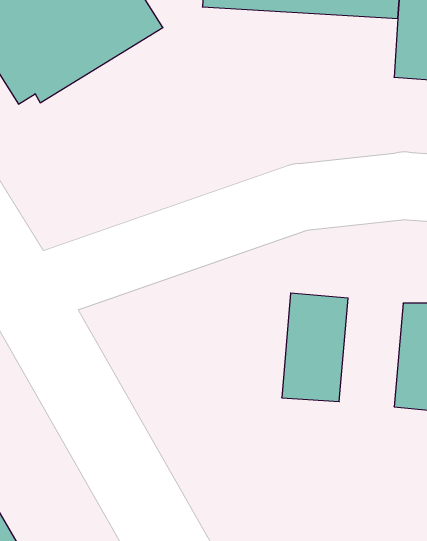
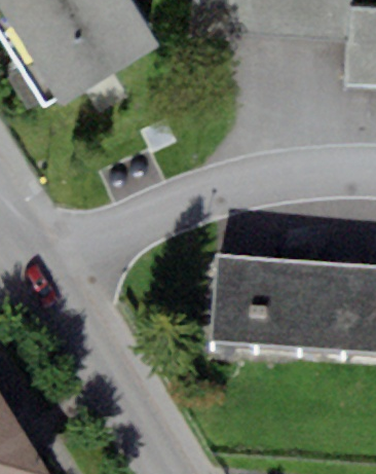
building: none -> [212,255,261,342]
building: none -> [300,262,351,350]

